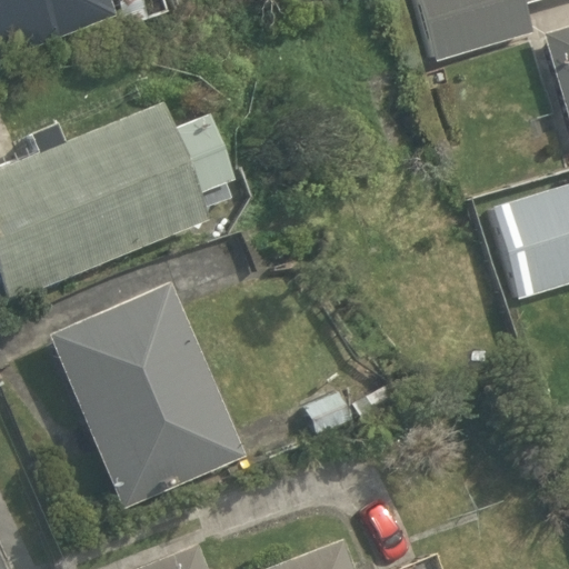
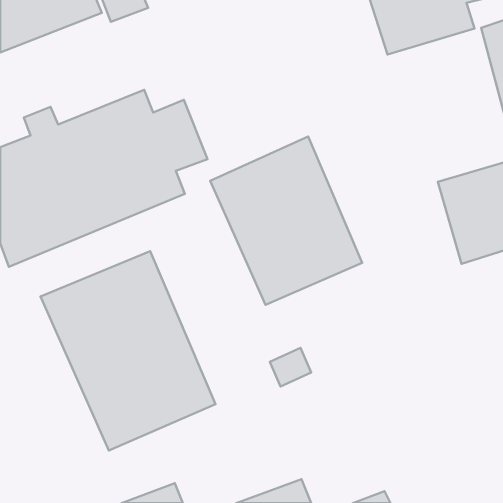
building: none -> [210,136,362,305]

